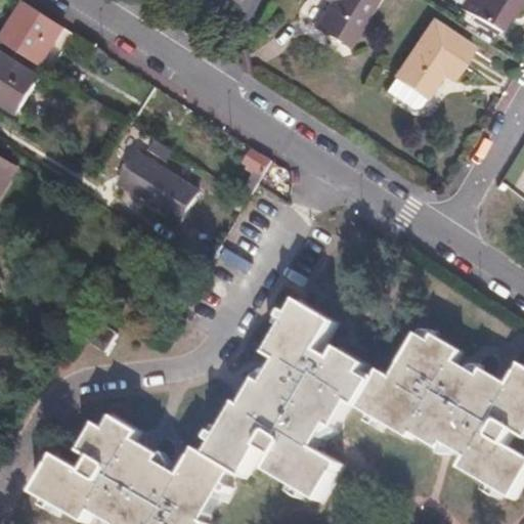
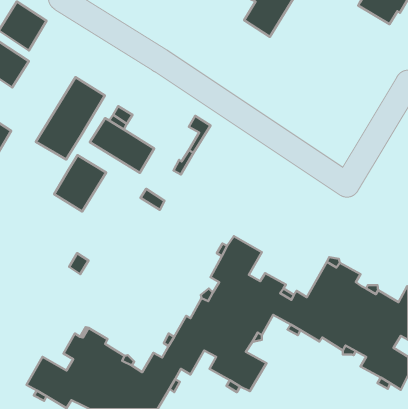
building: [381,17,472,107] -> none
building: none -> [36,77,105,160]
building: none -> [54,155,106,212]

